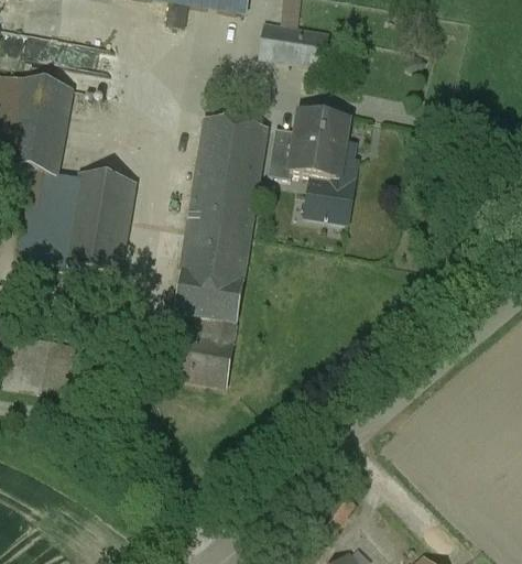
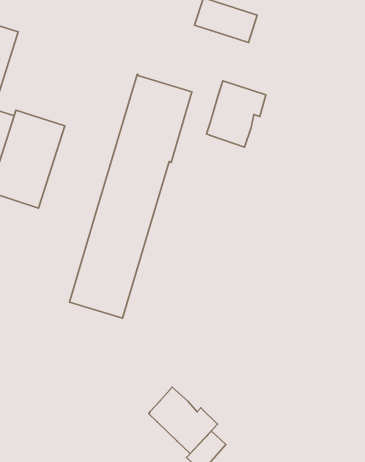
building: [267,123,296,176] -> none
building: [304,154,357,218] -> none
building: none -> [149,387,217,453]

